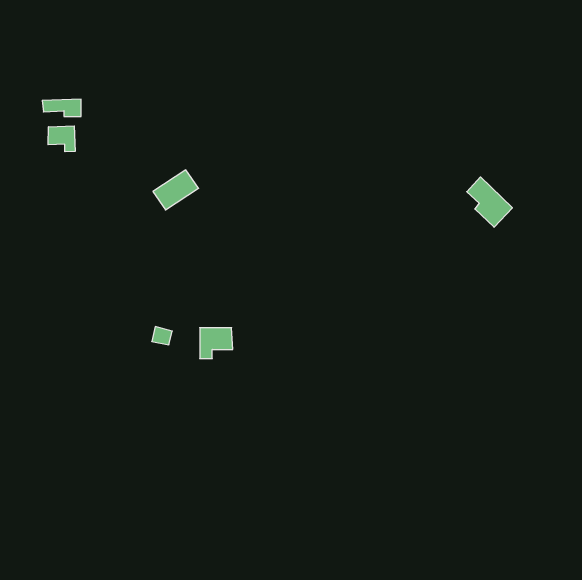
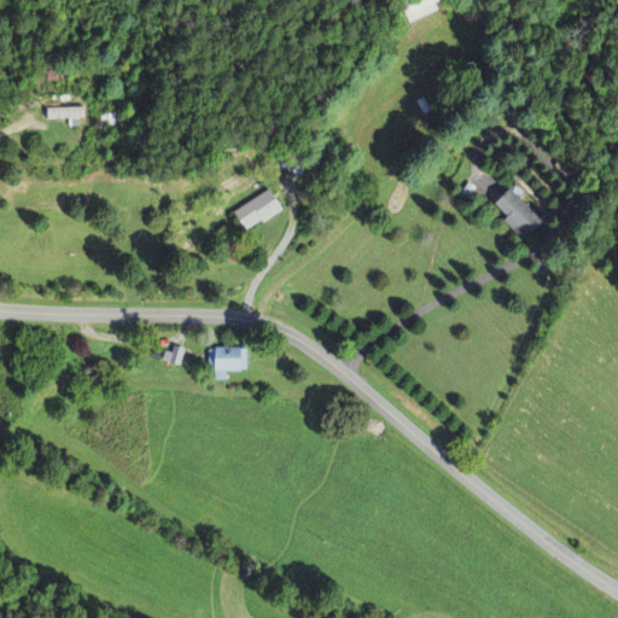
building: [48,126,75,152] -> none
building: [153,170,199,210] -> [233,188,281,231]

